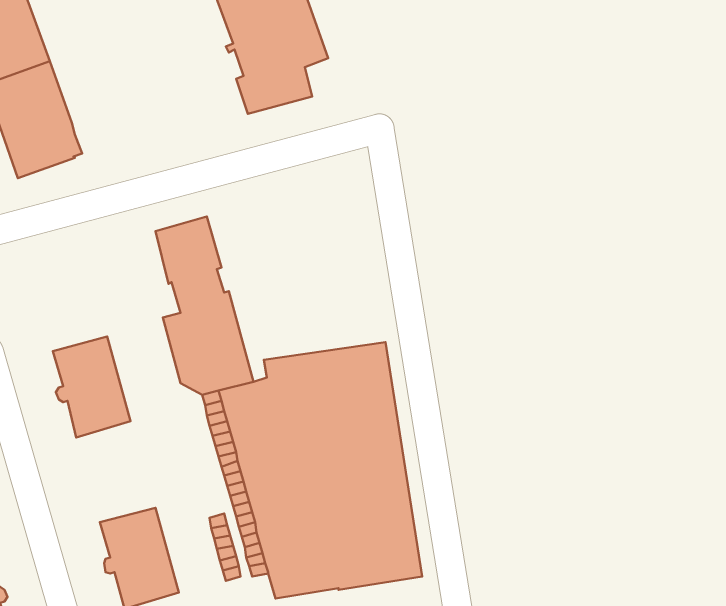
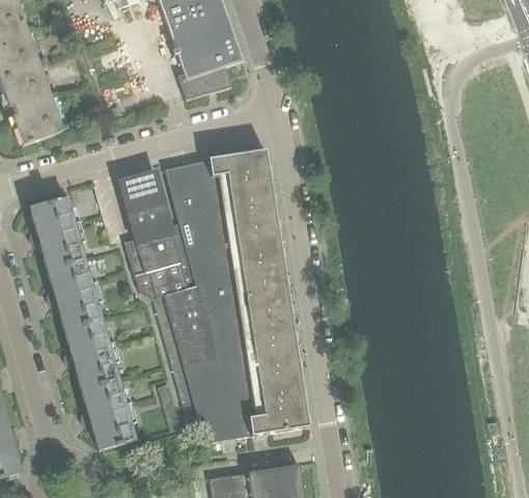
building: none -> [165,148,282,274]
building: none -> [30,195,85,267]
building: none -> [63,316,119,388]

